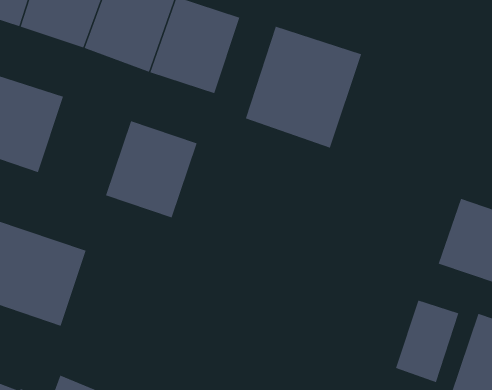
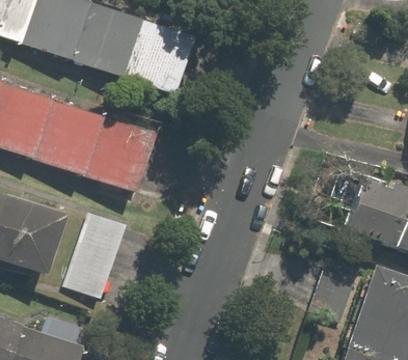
building: [245,26,362,148] -> none
building: none -> [32,99,104,175]
building: none -> [70,210,131,297]

